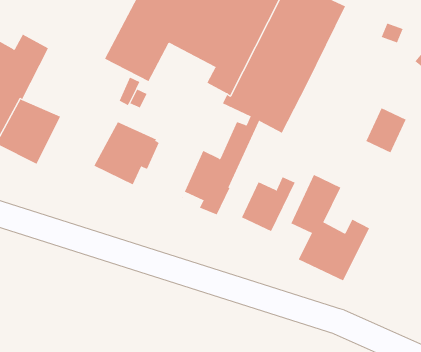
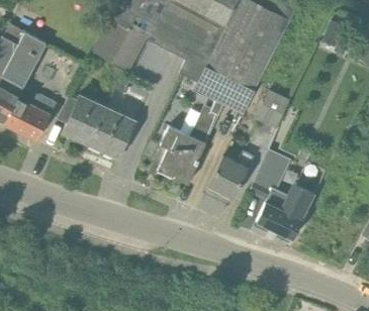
building: [366,108,406,153] -> [255,90,289,128]
building: none -> [56,94,103,142]

